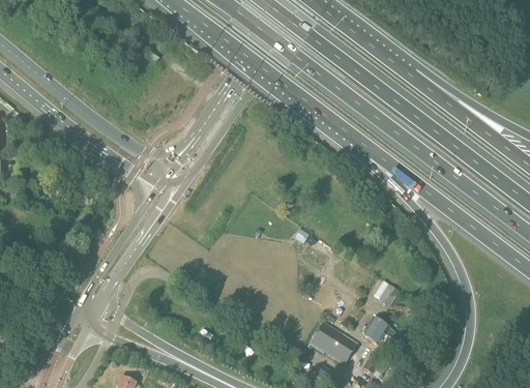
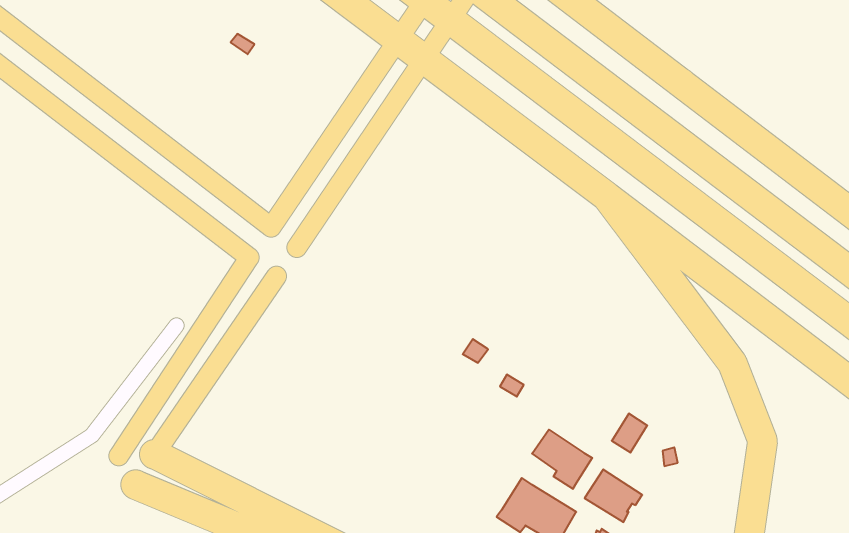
building: none -> [532,430,592,489]

